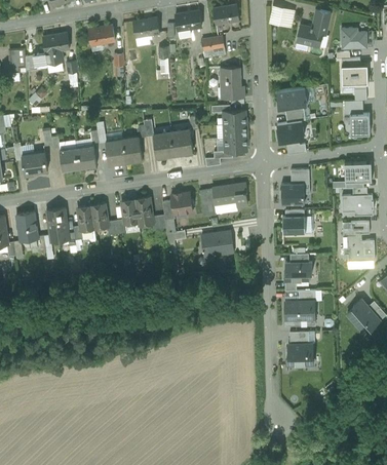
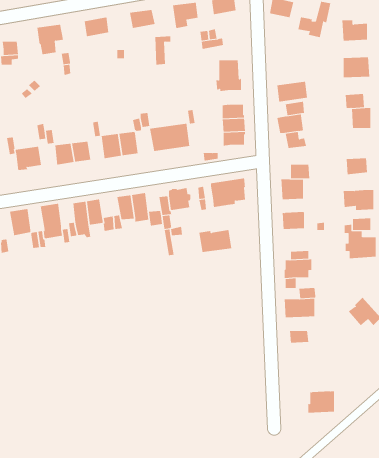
building: [286,343,313,364] -> [307,391,335,413]

